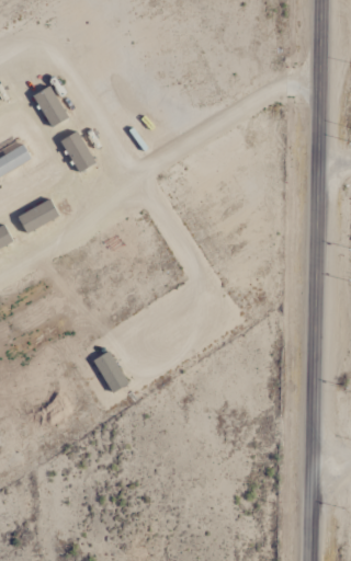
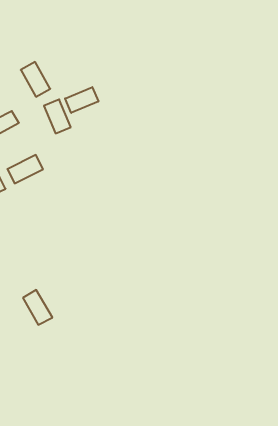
building: none -> [65,87,98,113]
building: [93,350,129,392] -> [23,290,52,325]

